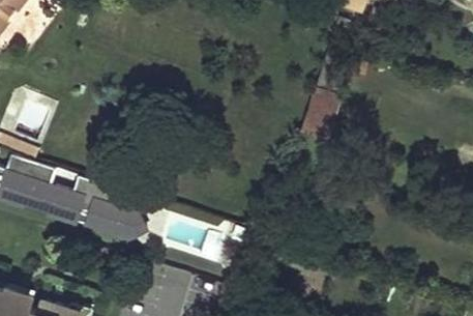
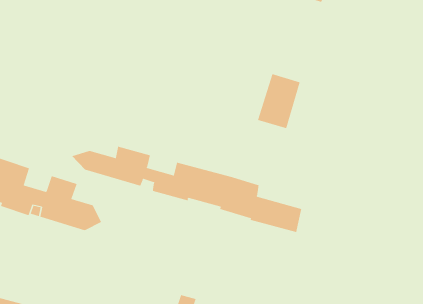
building: none -> [71,146,302,233]

